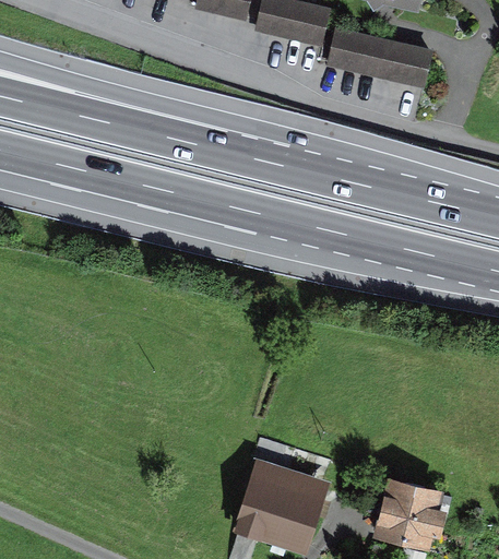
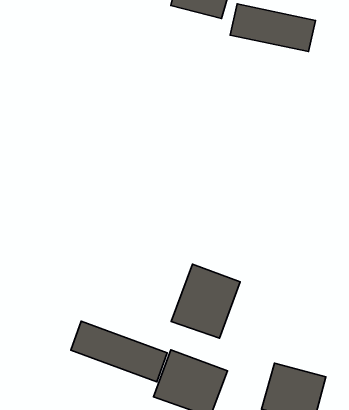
building: none -> [171,264,240,338]
building: none -> [71,321,167,382]

